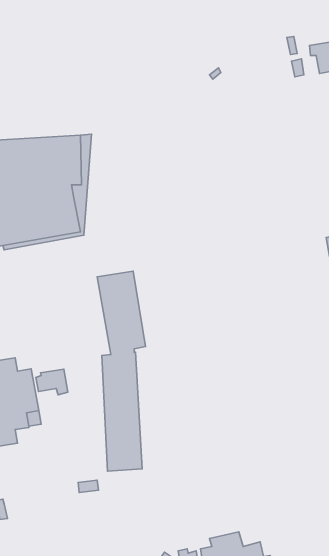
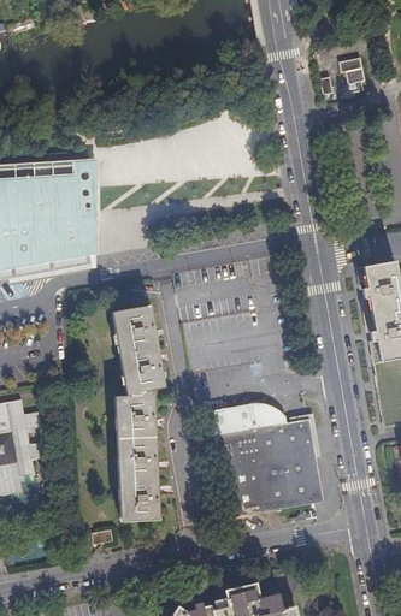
building: none -> [211,405,325,520]
building: [36,369,68,395] -> none

